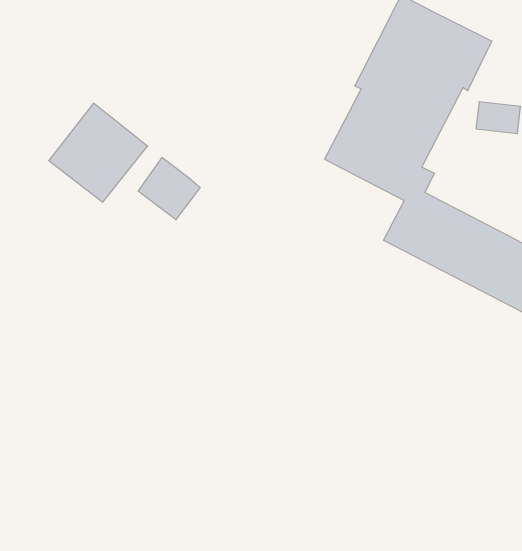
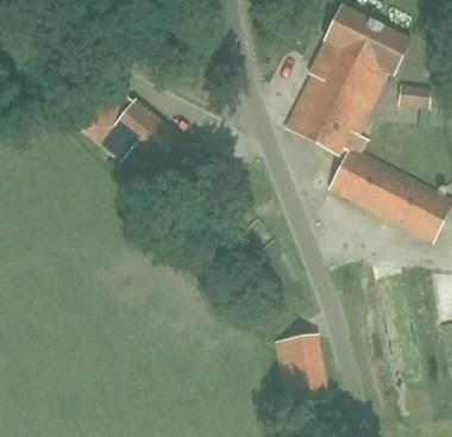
building: none -> [277,336,326,404]

